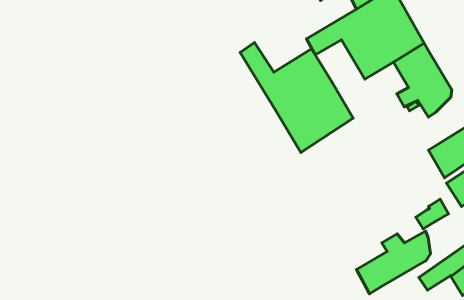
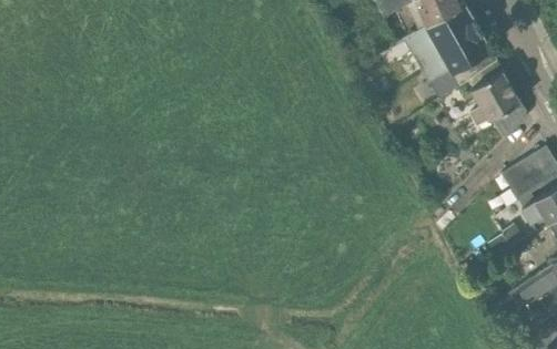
building: [240,42,353,153] -> none
building: [357,231,430,294] -> none

